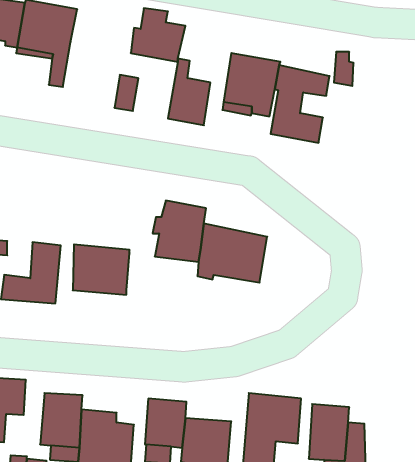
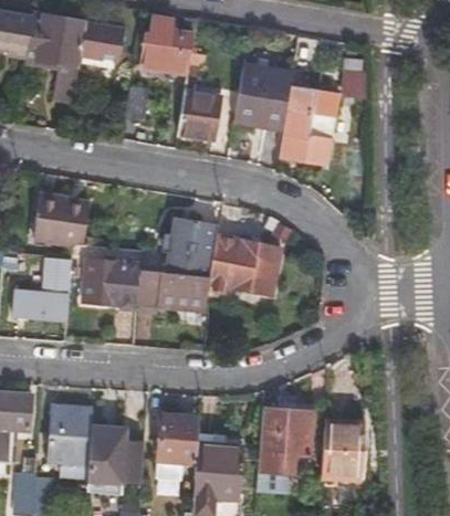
building: none -> [80,21,124,61]
building: none -> [30,193,102,245]
building: none -> [136,267,209,310]

